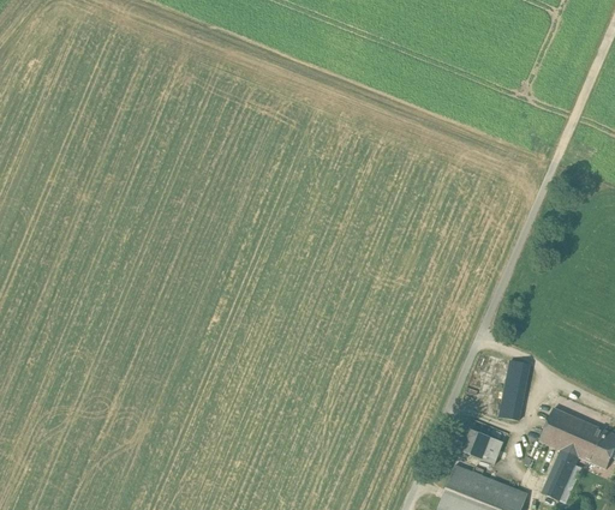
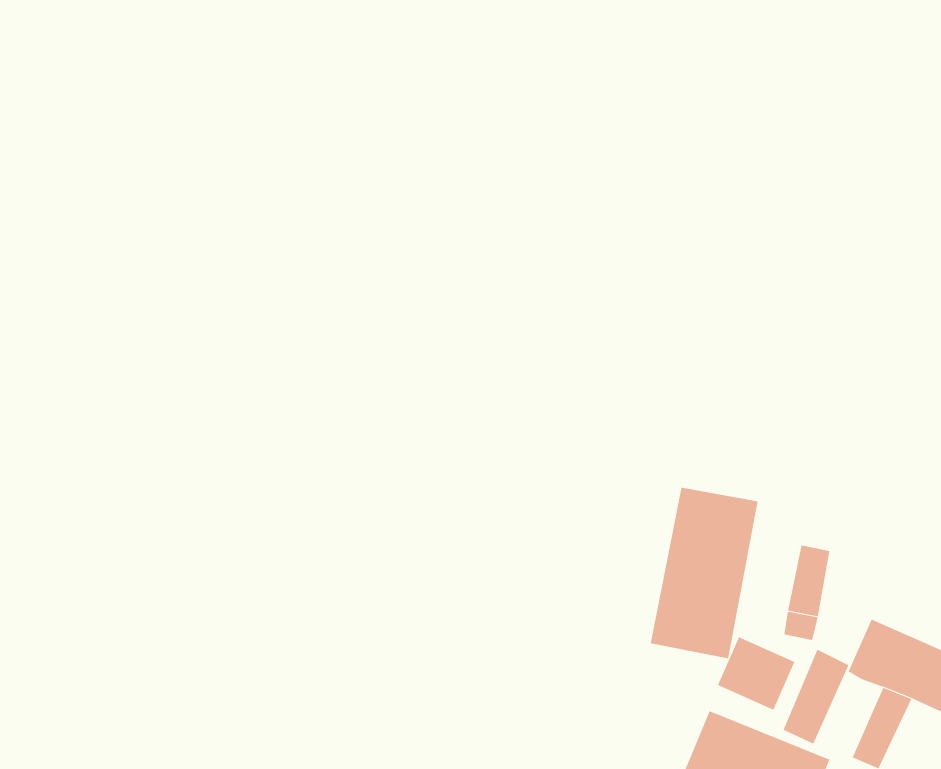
building: none -> [650,487,758,659]
building: none -> [783,649,849,744]

